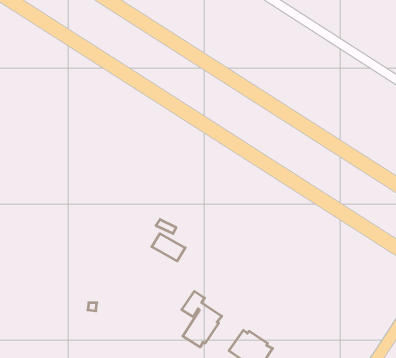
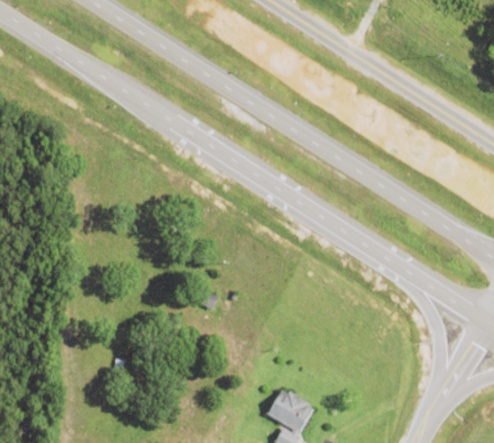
building: [182,291,222,347] -> none

